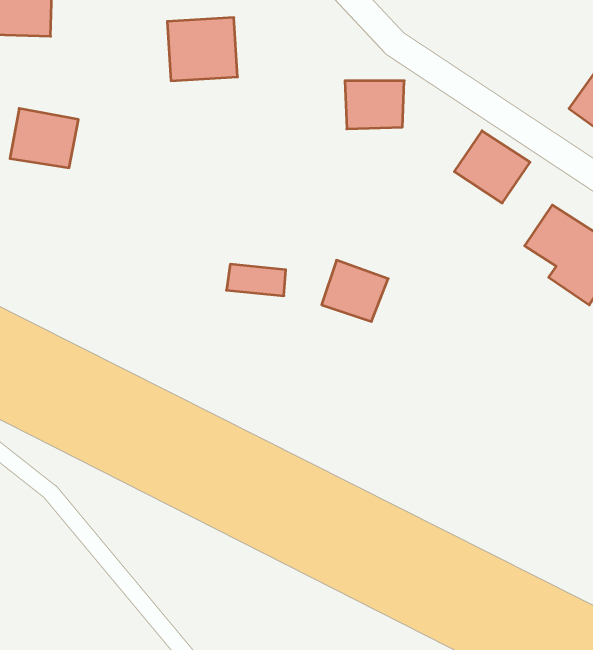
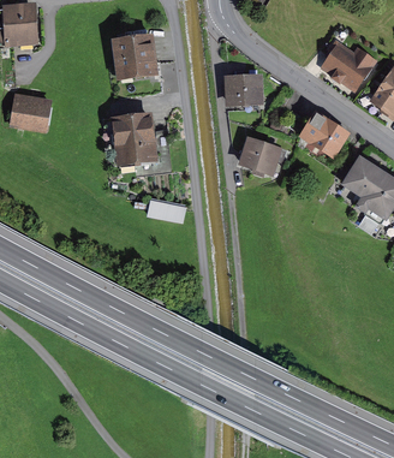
building: none -> [322,36,375,90]
building: none -> [103,115,160,167]
building: [322,260,388,321] -> [241,136,285,176]

